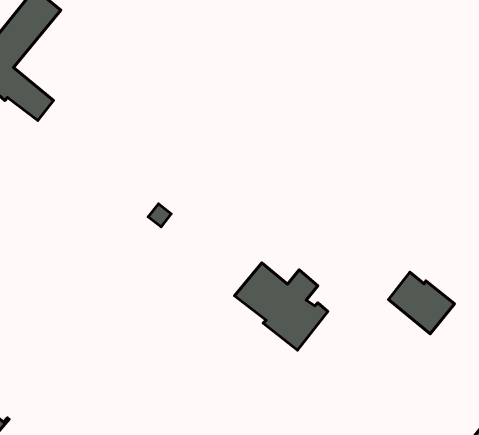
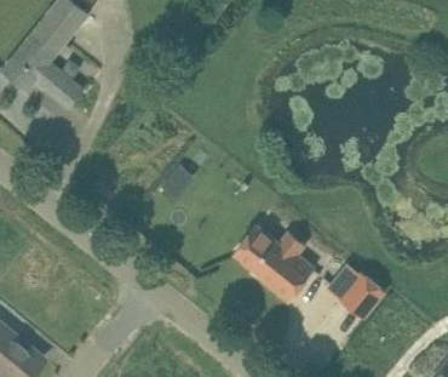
building: [388,272,454,334] -> [327,265,383,318]

